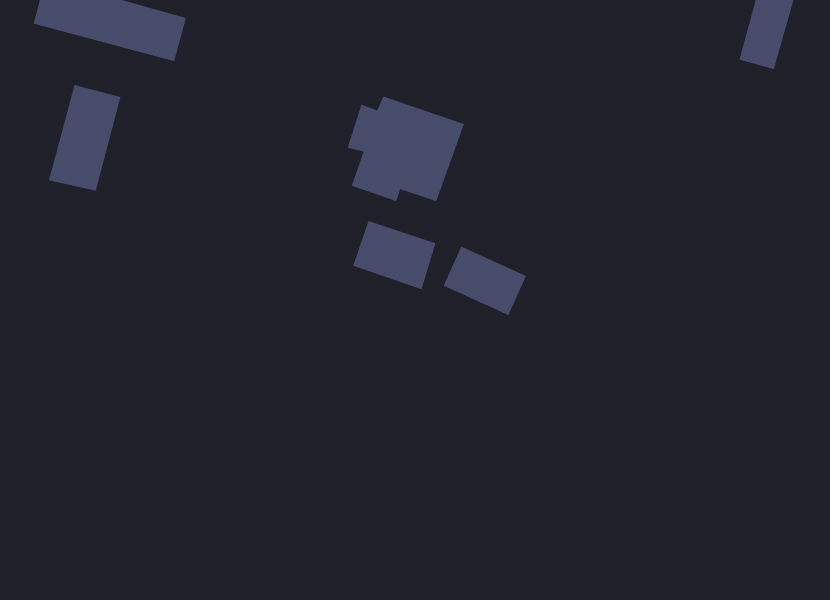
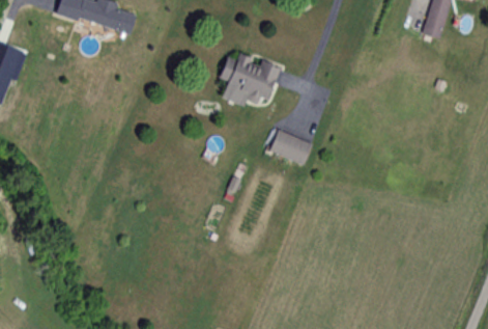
building: [48,84,121,191] -> none
building: [353,220,436,290] -> none

